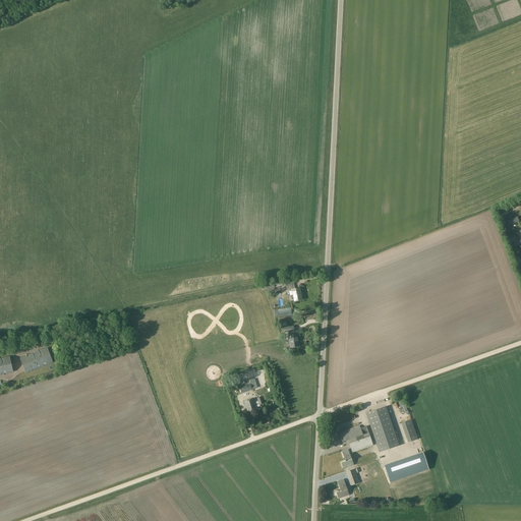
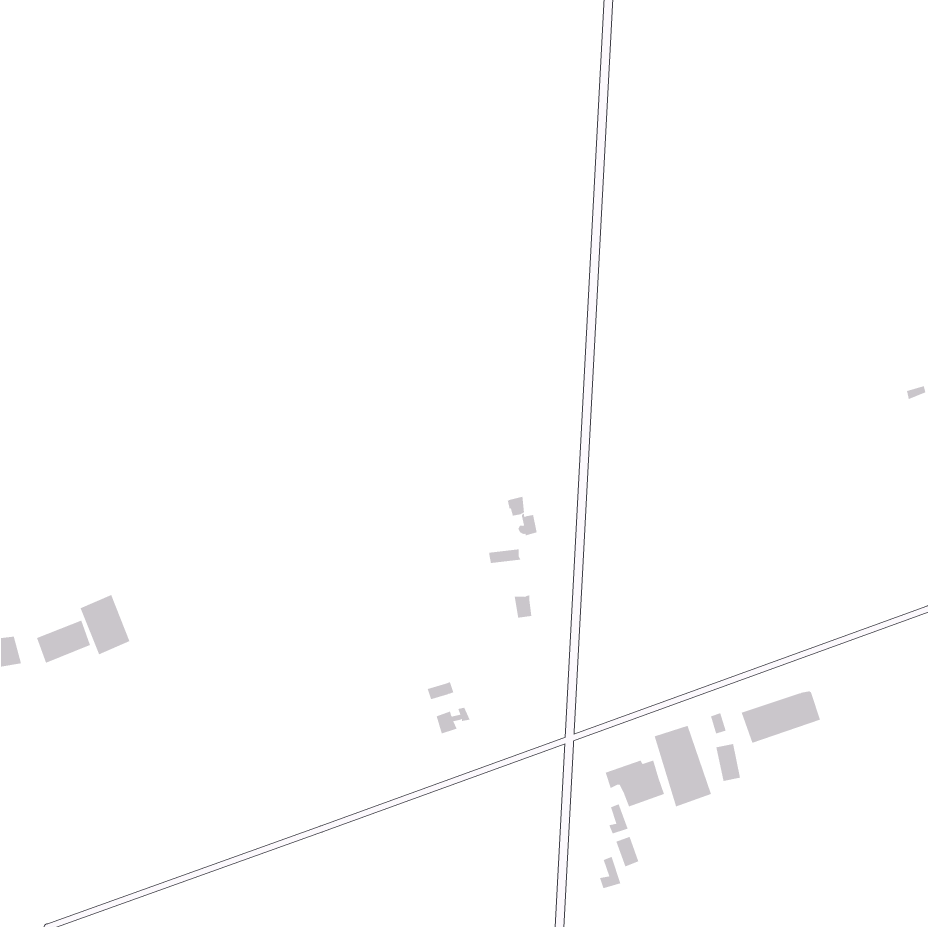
building: none -> [80,594,130,655]
building: [384,453,428,482] -> [741,691,821,743]

